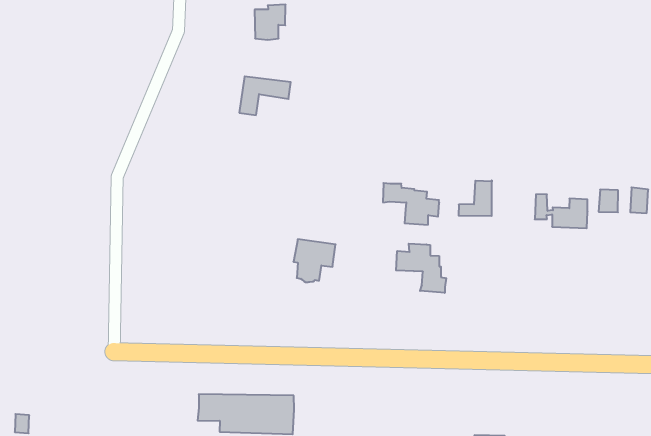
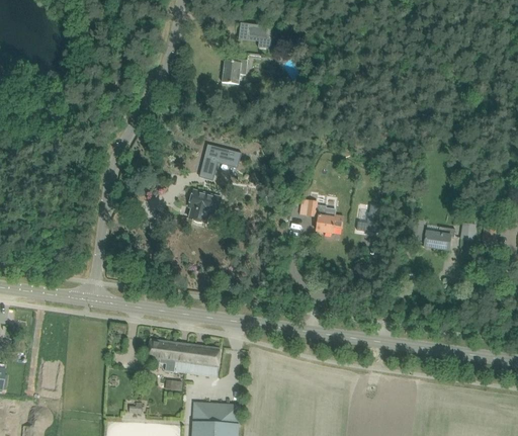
building: [239,76,291,115] -> [198,150,239,179]
building: [293,239,336,282] -> [188,190,221,223]
building: [396,244,446,293] -> none

